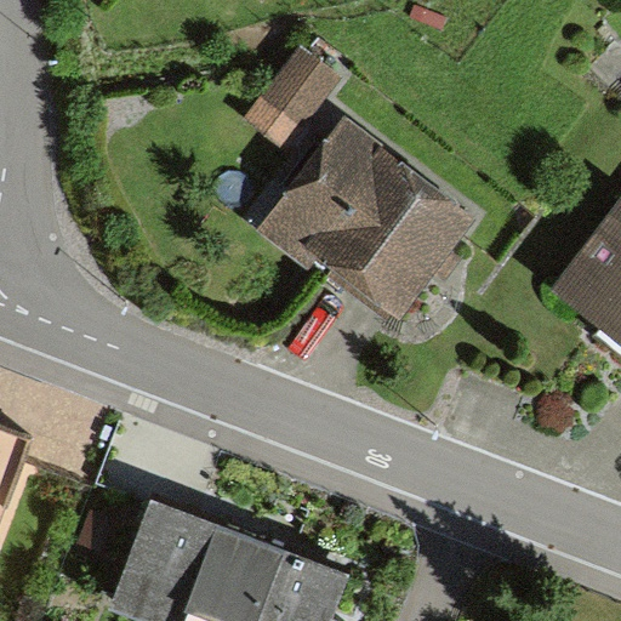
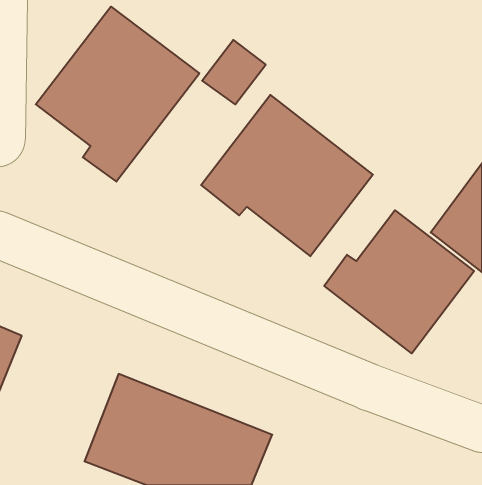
building: none -> [36,7,199,182]
building: none -> [324,210,474,353]

